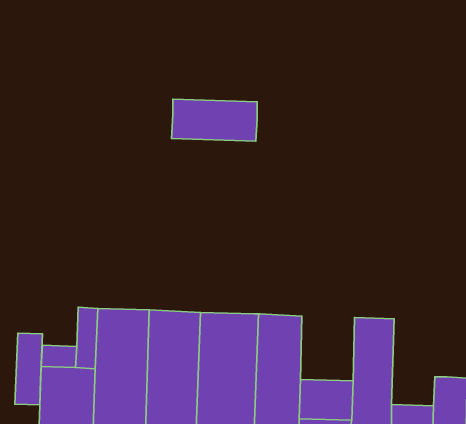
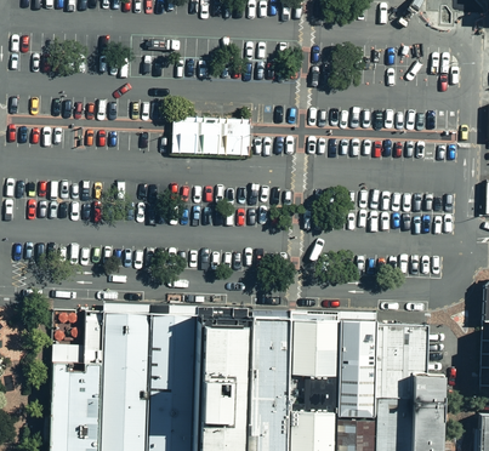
building: none -> [290,315,340,375]
building: none -> [374,318,426,398]
building: [15,333,43,405] -> none

